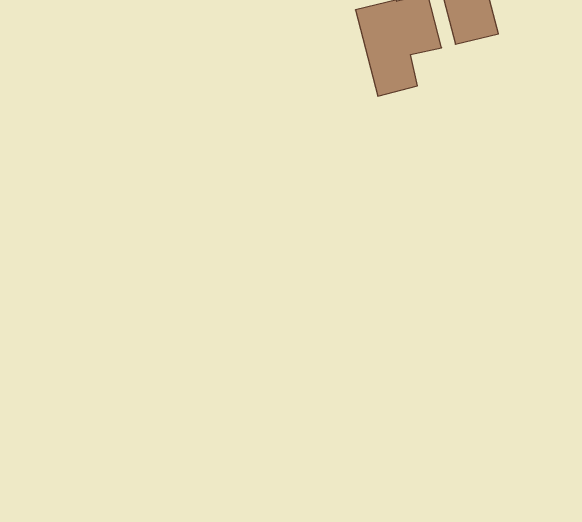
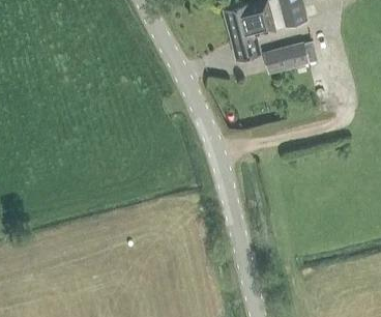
building: none -> [265,45,312,75]

